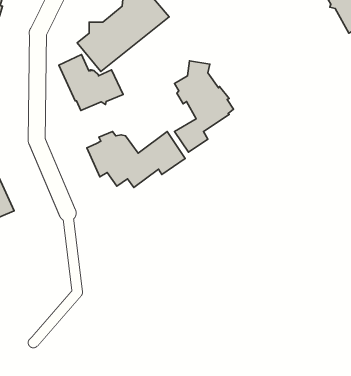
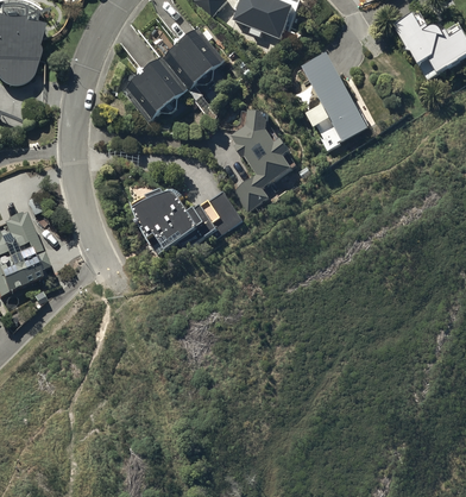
building: none -> [303,54,369,149]
building: [59,55,123,111] -> none

